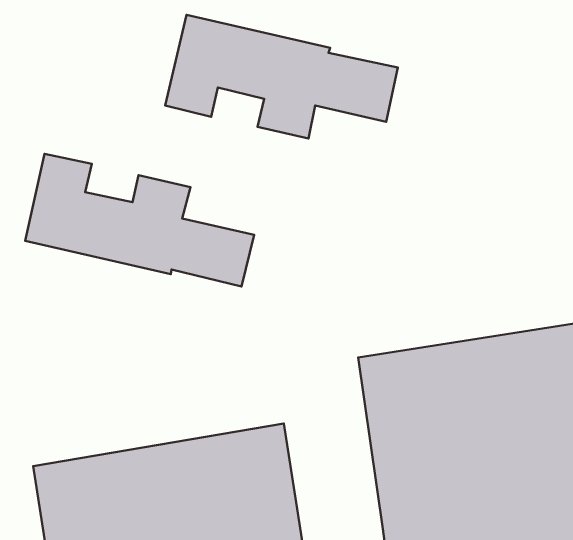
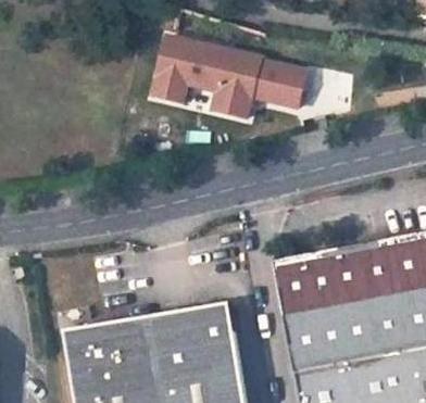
building: [25,154,254,286] -> none

